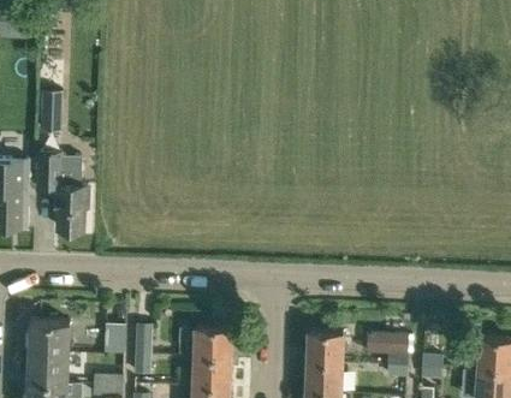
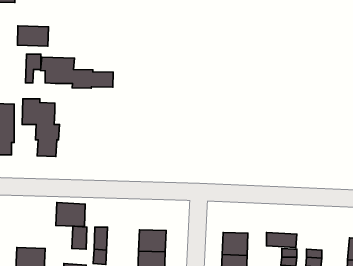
building: none -> [17,26,48,46]
building: none -> [41,57,113,88]
building: [30,321,70,354] -> [56,202,85,226]

